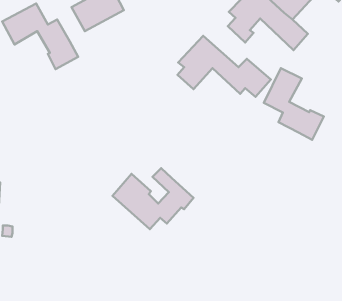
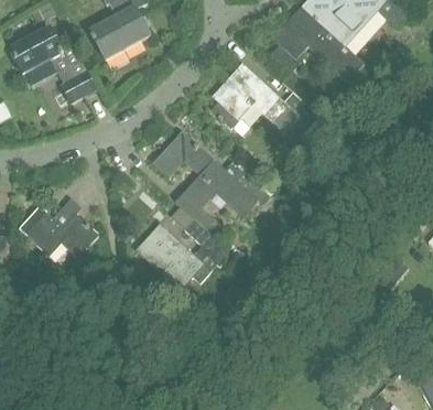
building: [264,68,324,140] -> none
building: none -> [152,129,268,229]
building: none -> [20,197,99,258]

